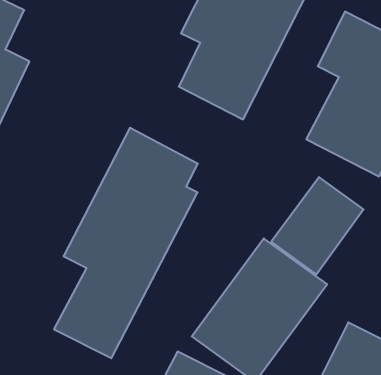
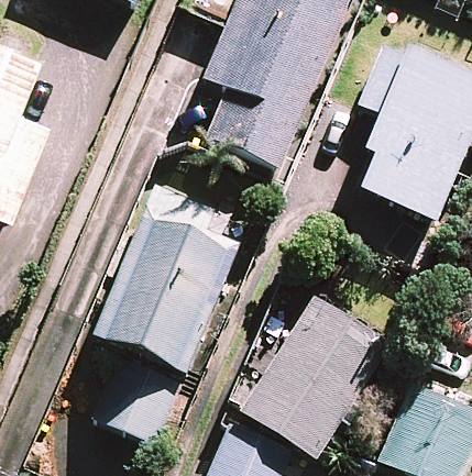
building: [271,177,364,275] -> none

